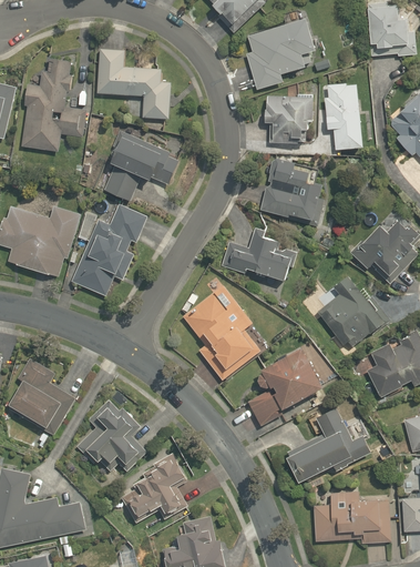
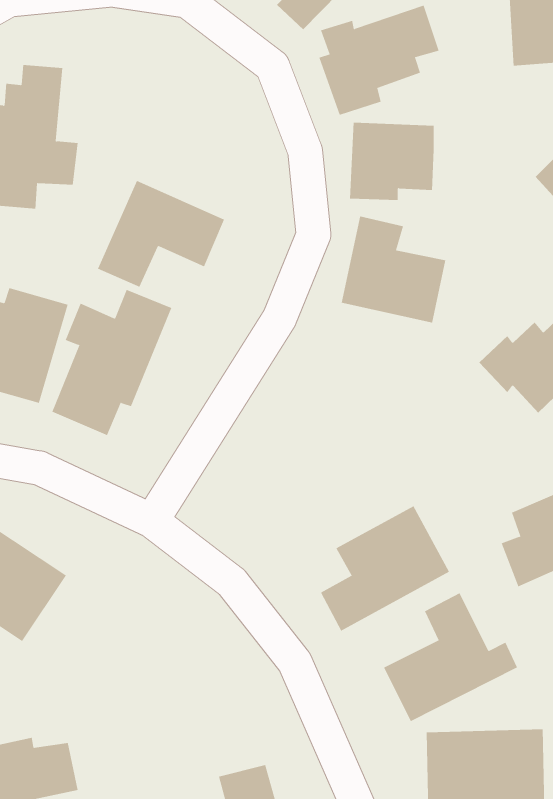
building: [95,50,171,121] -> none
building: [322,82,366,152] -> none
building: [217,230,296,282] -> none
building: [317,275,383,347] -> none
building: [173,285,264,385] -> none
building: [73,396,156,472] -> none
building: [119,452,186,519] -> none

